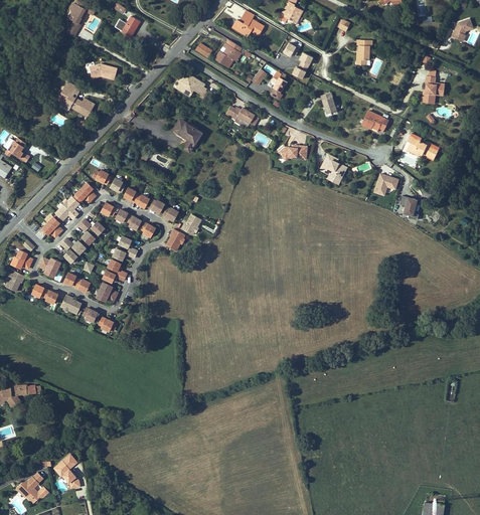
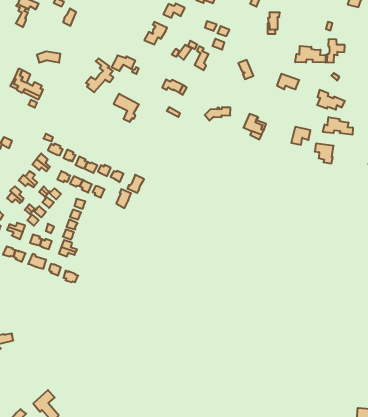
building: none -> [86,58,113,92]
building: none -> [295,46,326,63]
building: none -> [323,117,353,135]

